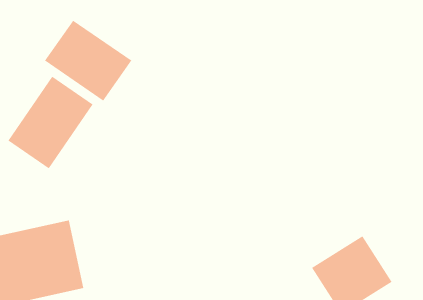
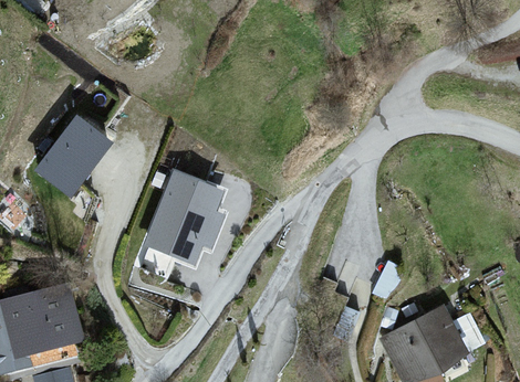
building: [44,20,132,101] -> none
building: none -> [137,167,240,283]

